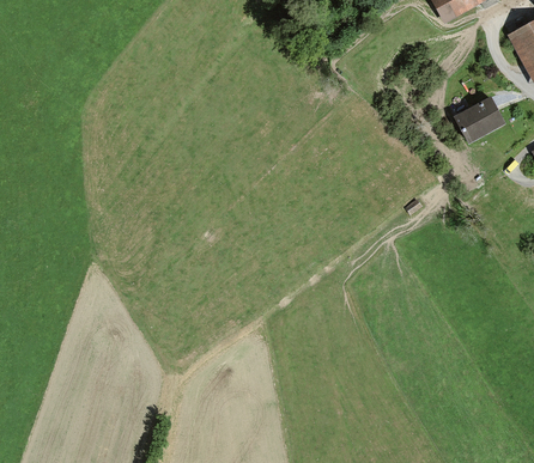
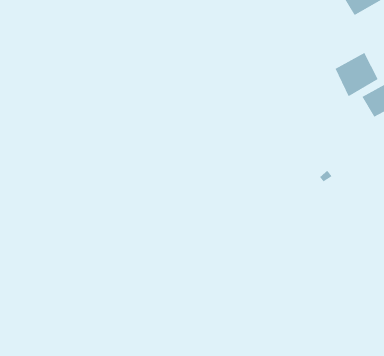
building: none -> [335,52,379,97]

